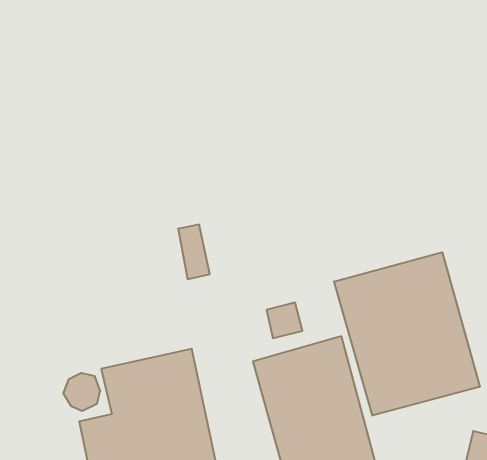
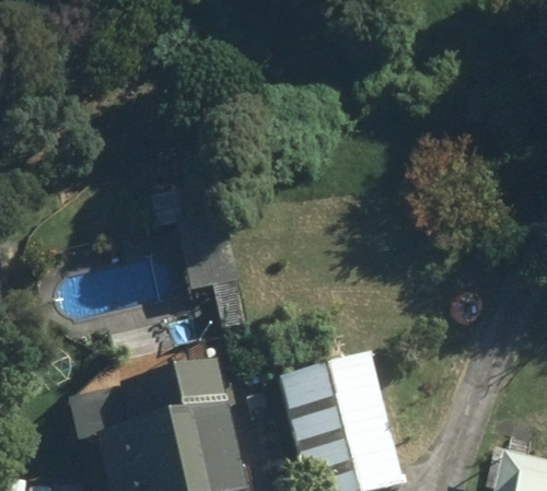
building: [334,252,480,416] -> none

